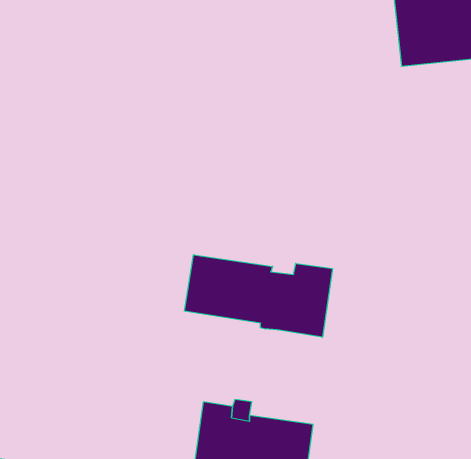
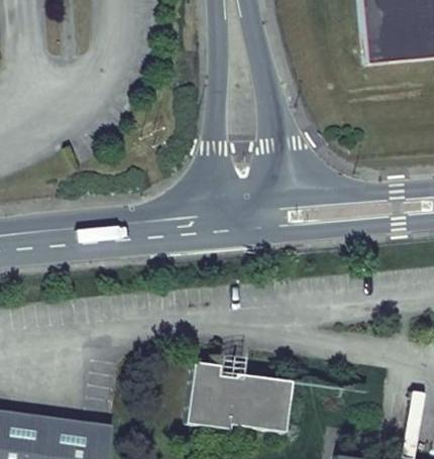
building: [185,255,333,337] -> none

